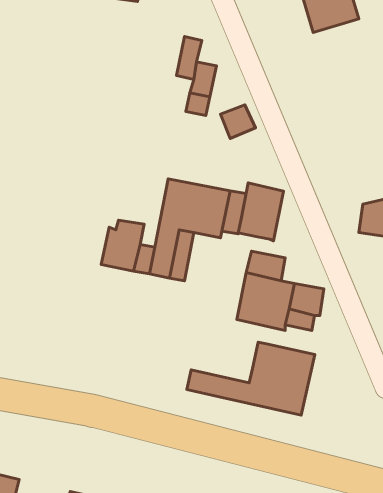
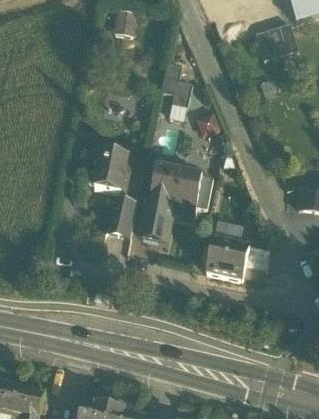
building: none -> [88,149,129,192]
building: [238,183,283,241] -> none
building: [187,342,315,415] -> none

